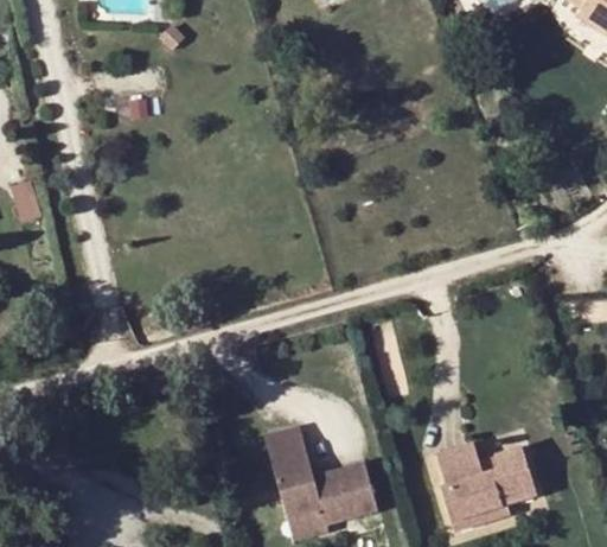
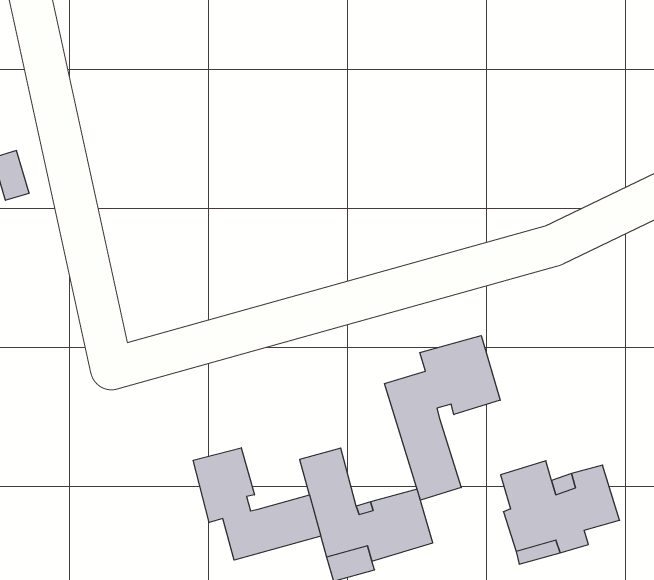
building: none -> [385,336,500,500]
building: none -> [193,448,321,560]

